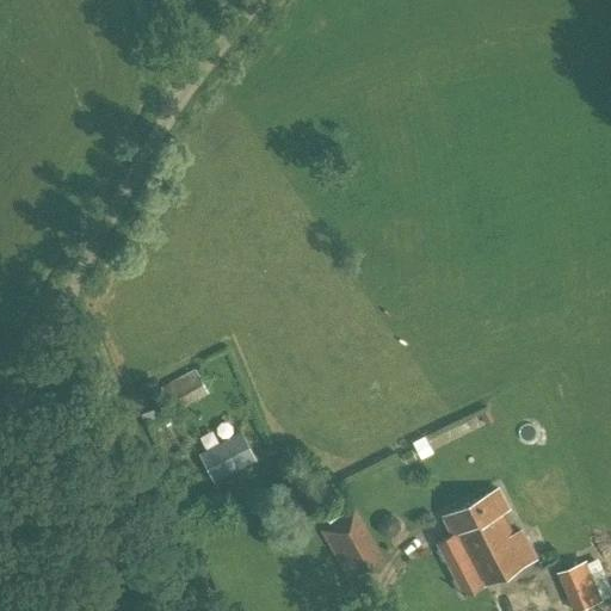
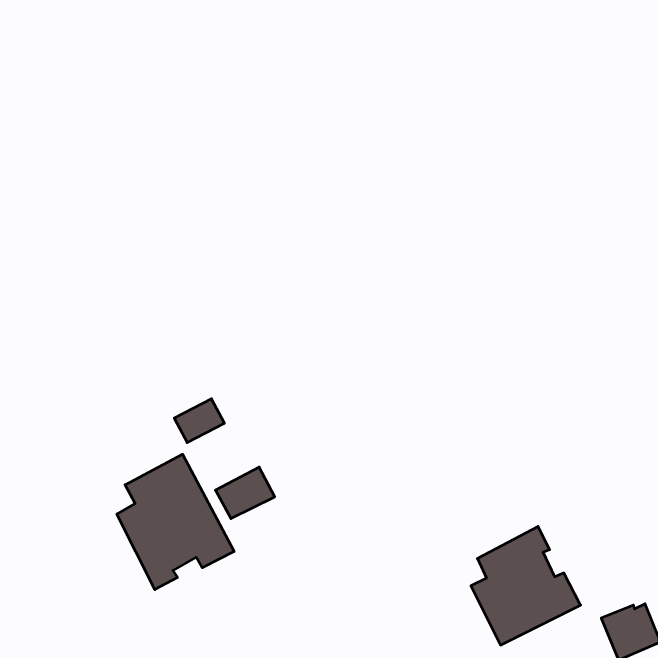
building: none -> [117,454,234,590]
building: [321,512,383,579] -> none

